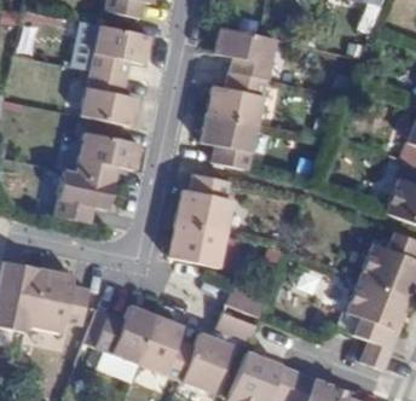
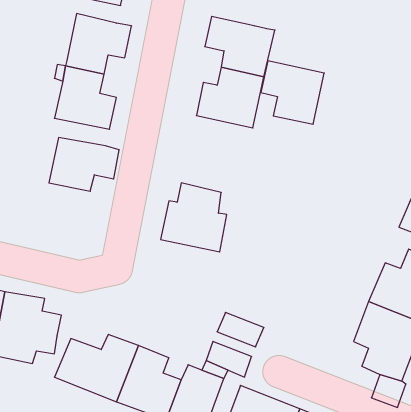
building: [202,115,258,170] -> [261,61,324,124]
building: [57,172,115,223] -> none
building: [169,223,229,269] -> none

